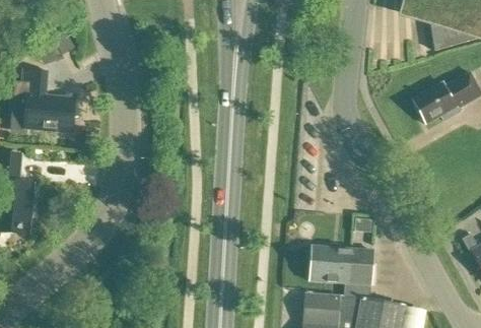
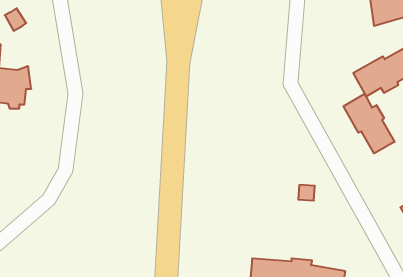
building: none -> [344,94,395,153]
building: [307,246,372,293] -> none

